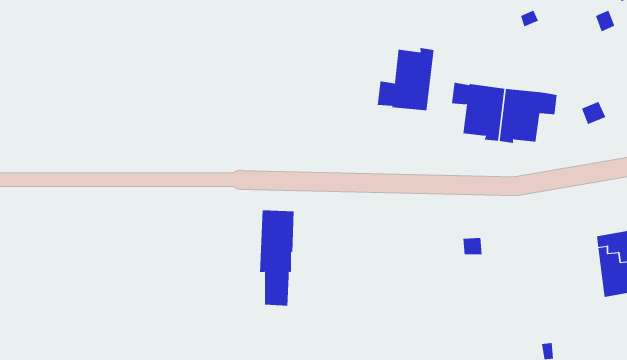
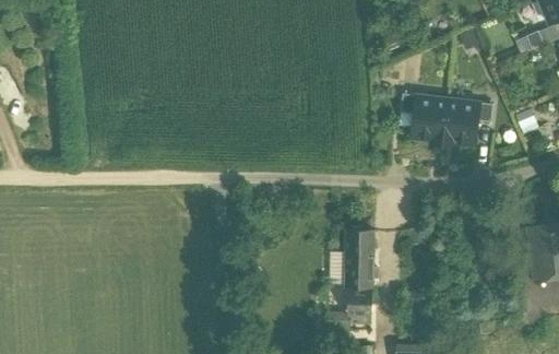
building: [377,47,434,111] -> none
building: [259,210,294,306] -> [345,229,376,314]

